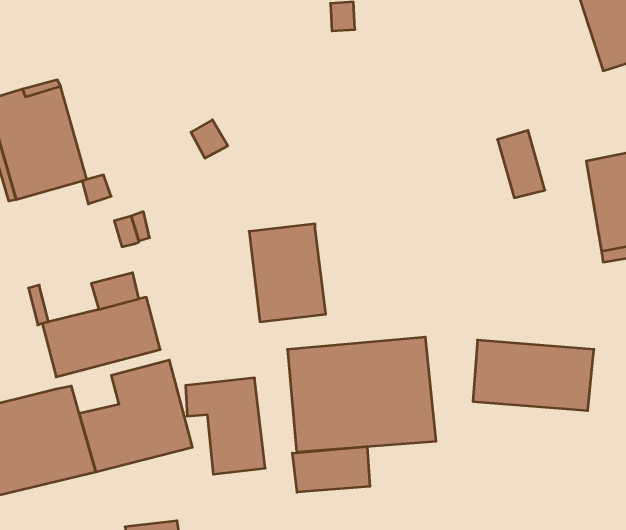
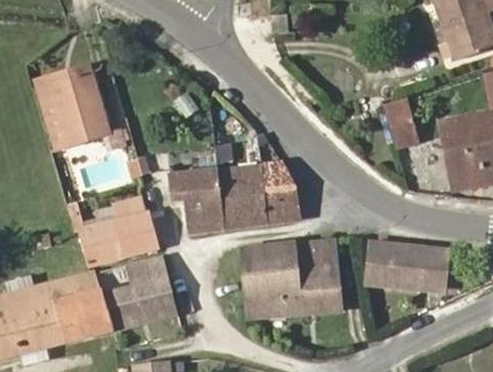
building: none -> [261,164,300,225]
building: [186,378,265,474] -> [171,169,224,234]
building: [292,446,370,492] -> none

